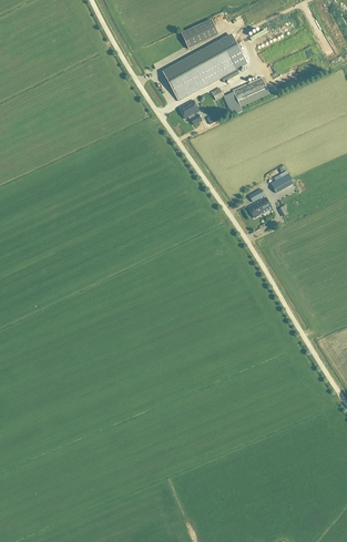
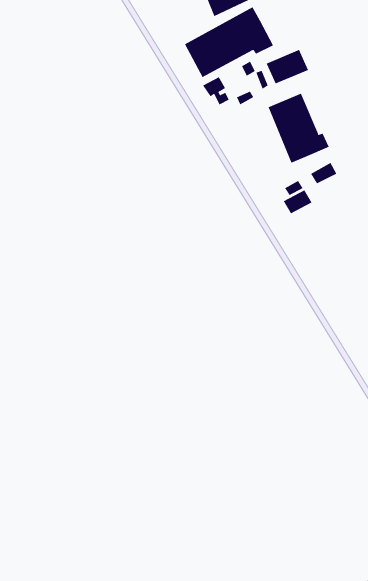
building: none -> [268,93,330,164]

